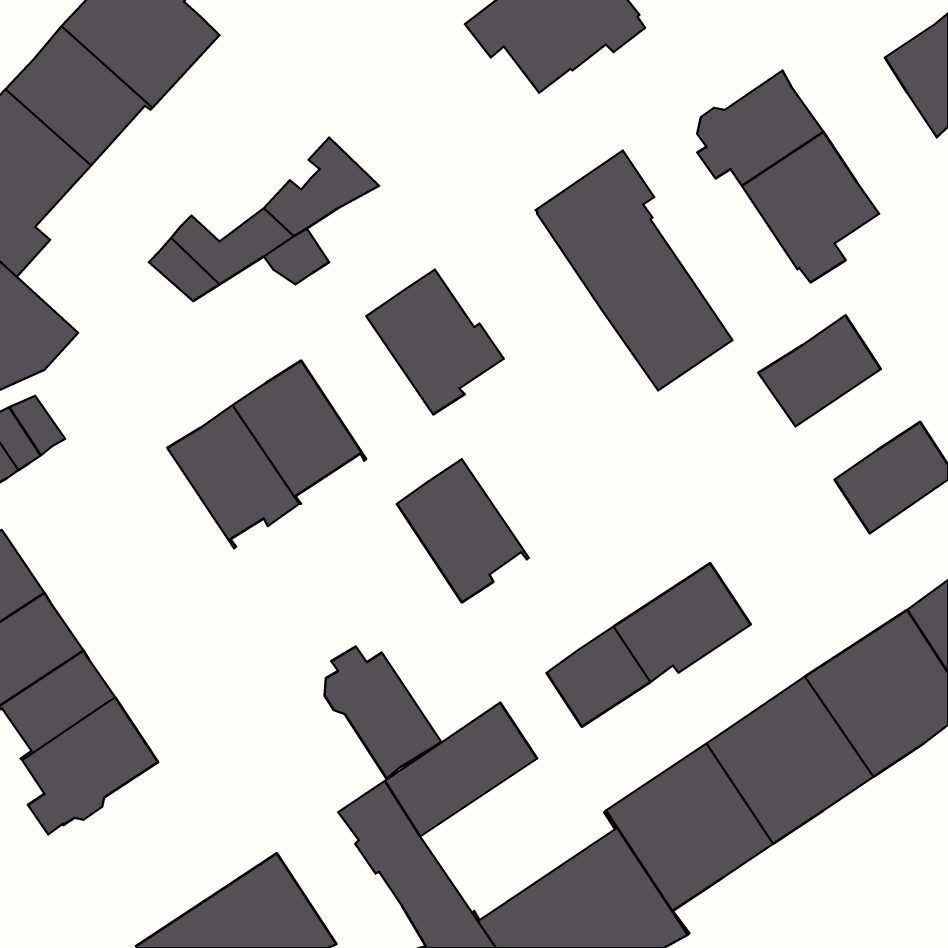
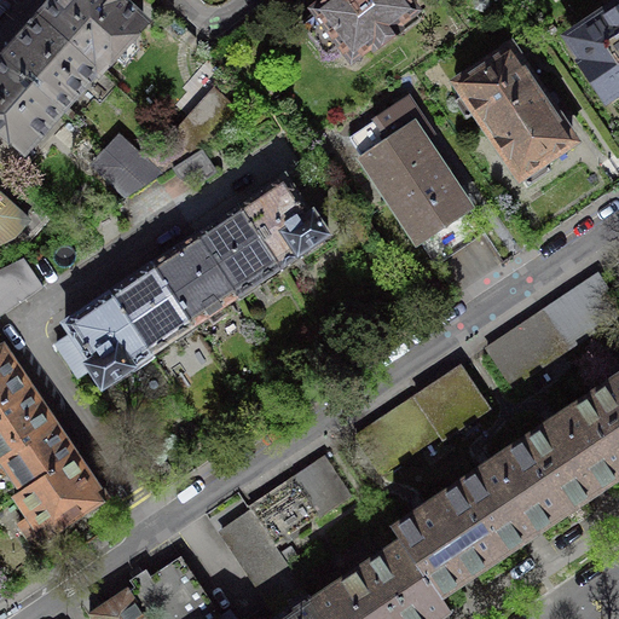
building: [758,315,881,427] -> [486,312,566,384]
building: none -> [56,291,152,386]
building: [397,459,529,602] -> [196,206,282,299]
building: [325,646,442,778] -> none

